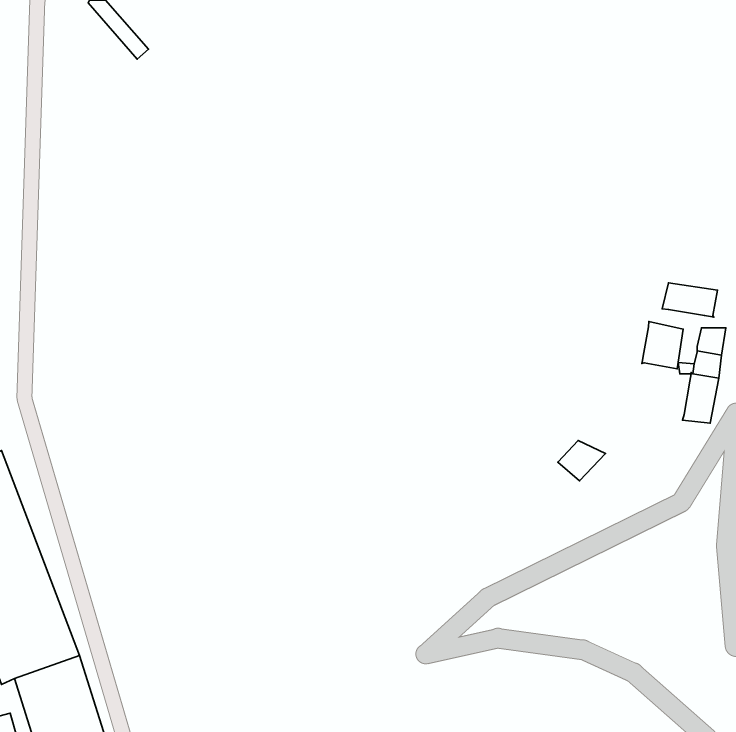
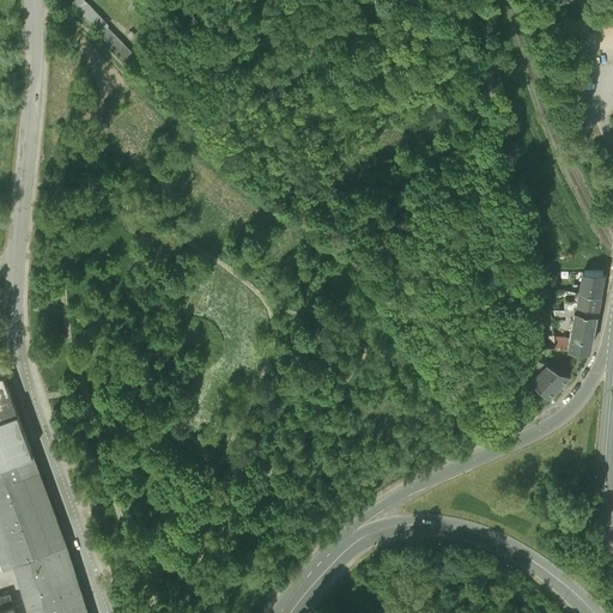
building: [662,283,717,317] -> none
building: [642,322,683,369] -> none
building: [558,440,606,481] -> [529,369,569,402]

